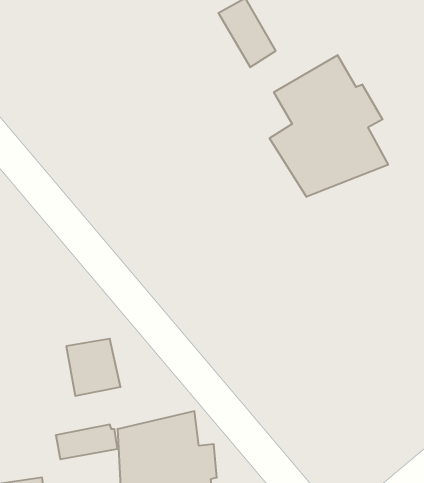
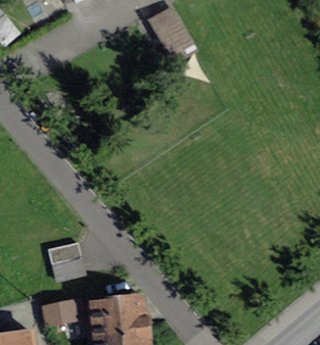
building: [270,55,388,197] -> none

